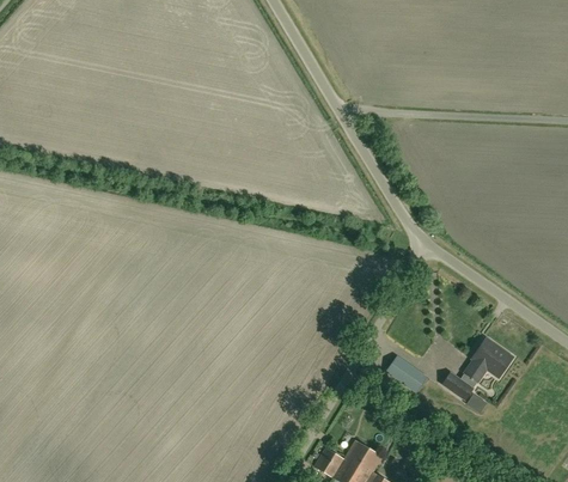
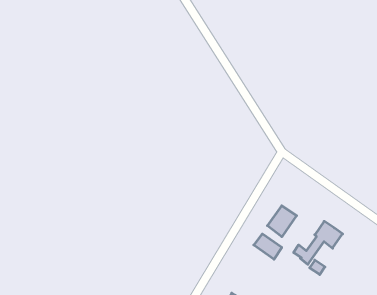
building: none -> [267,206,297,237]

